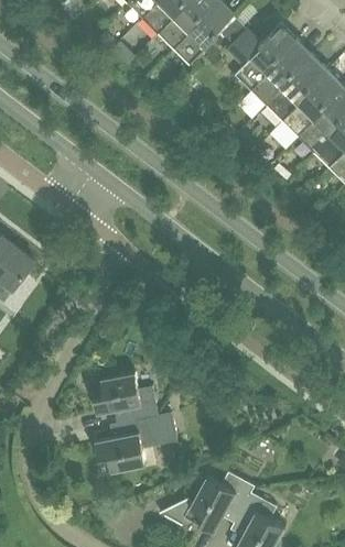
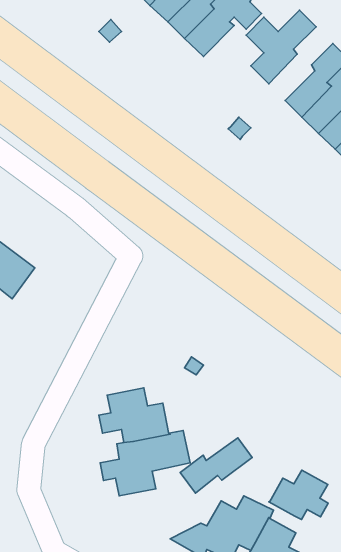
building: [250,37,310,106] -> none
building: none -> [180,438,252,493]
building: none -> [269,470,328,519]

